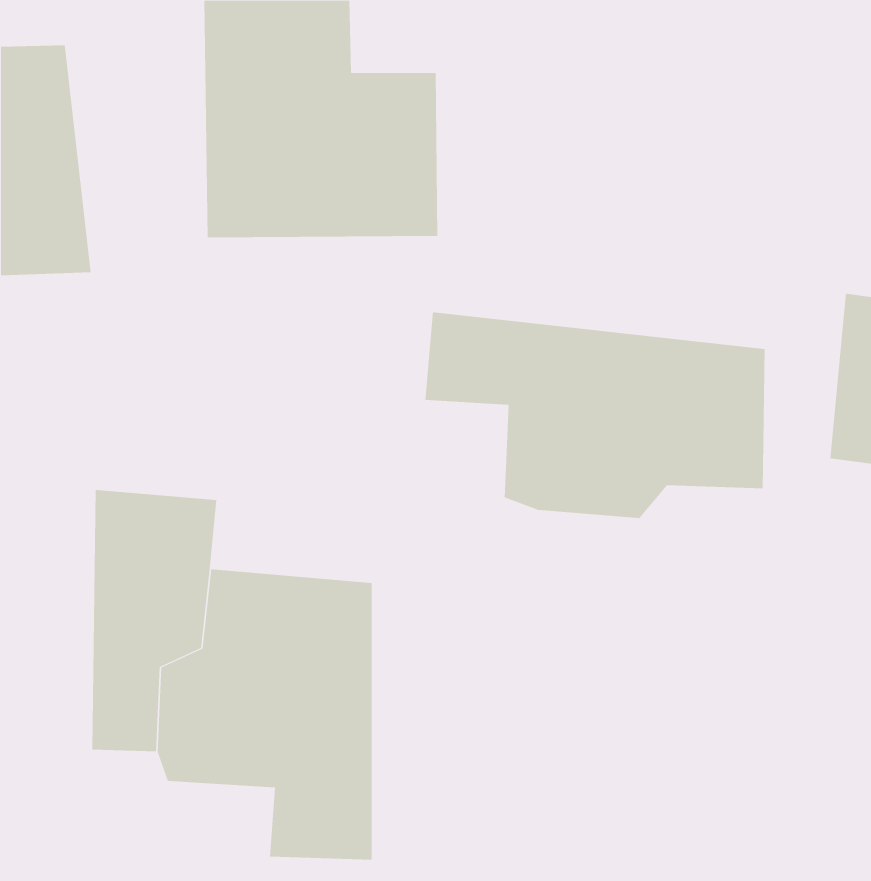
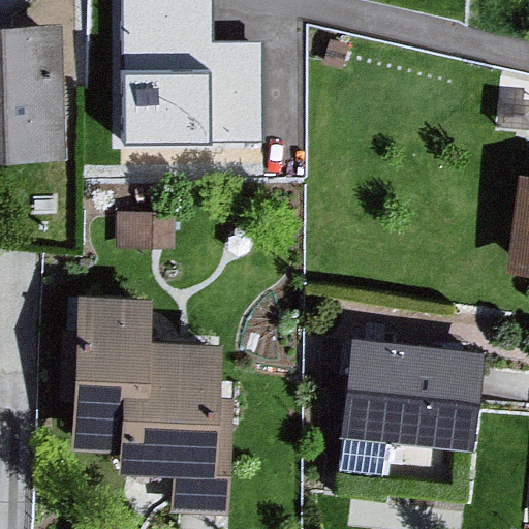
building: [425,312,765,519] -> none
building: none -> [335,334,484,445]

